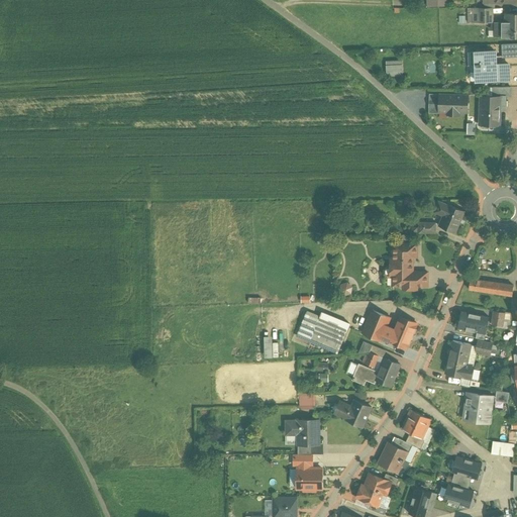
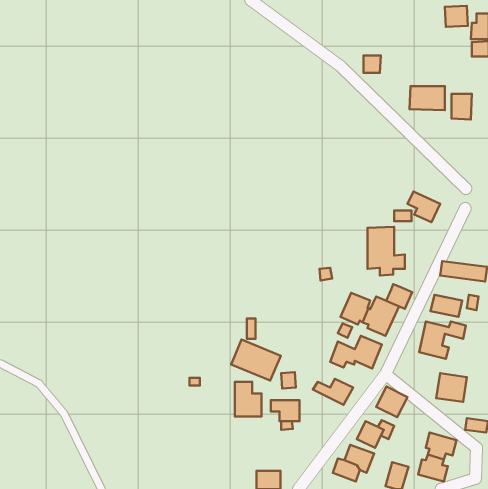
building: [469,49,510,86] -> none
building: none -> [386,284,412,309]
building: [296,311,348,354] -> [231,339,281,381]
building: [296,456,324,493] -> [235,382,262,416]

